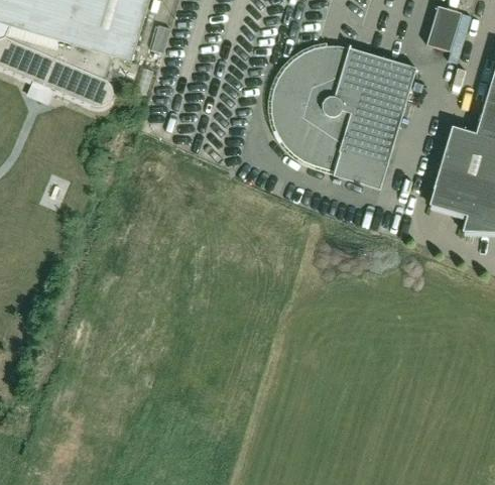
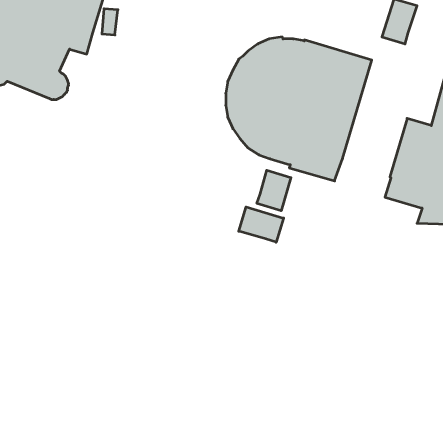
building: none -> [257,170,291,211]
building: none -> [239,207,284,242]

